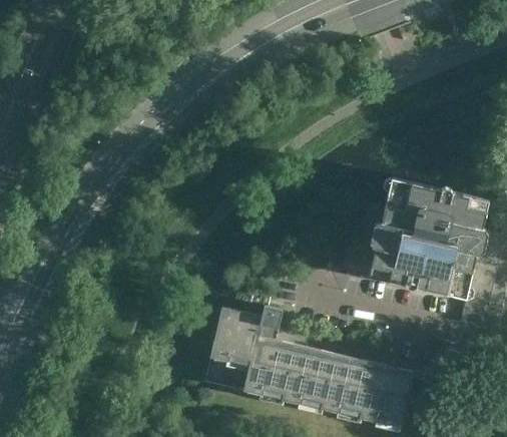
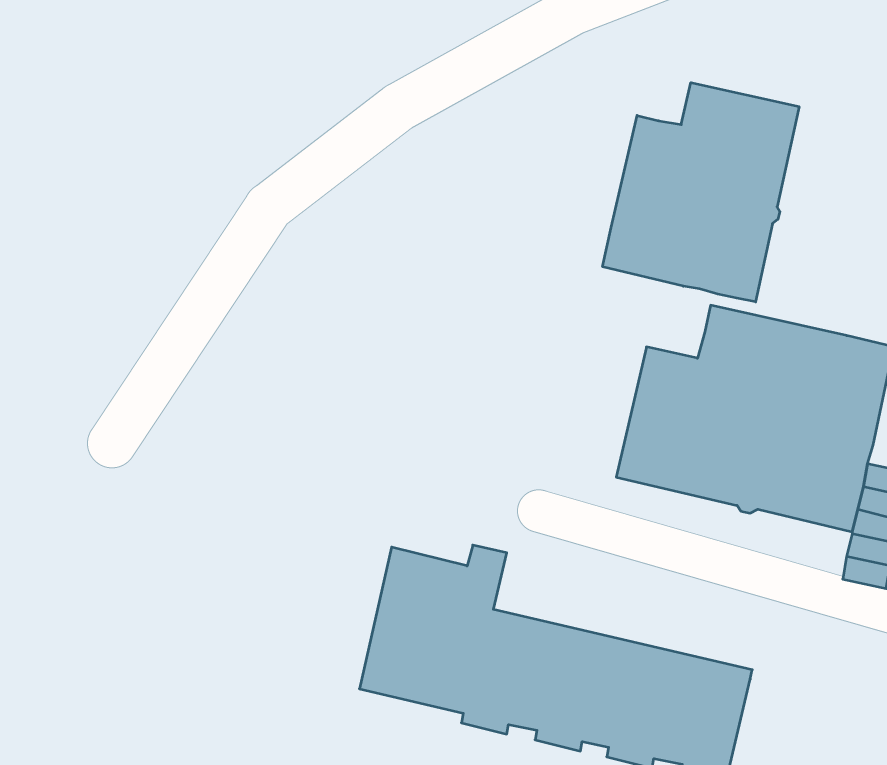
building: none -> [603,83,799,302]

